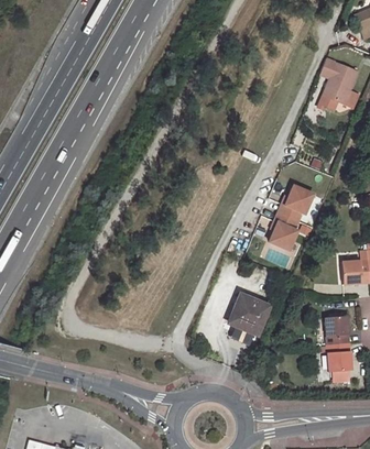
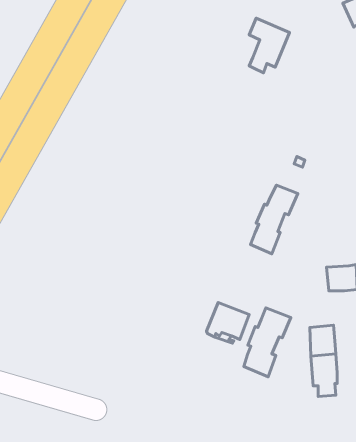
building: [319,57,357,108] -> [249,18,290,73]
building: none -> [244,308,291,377]

